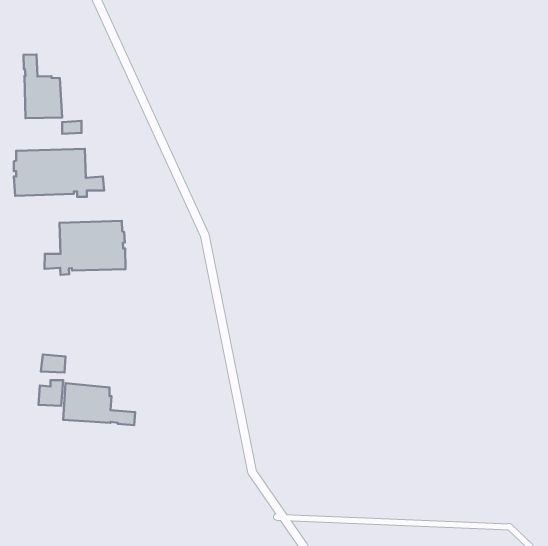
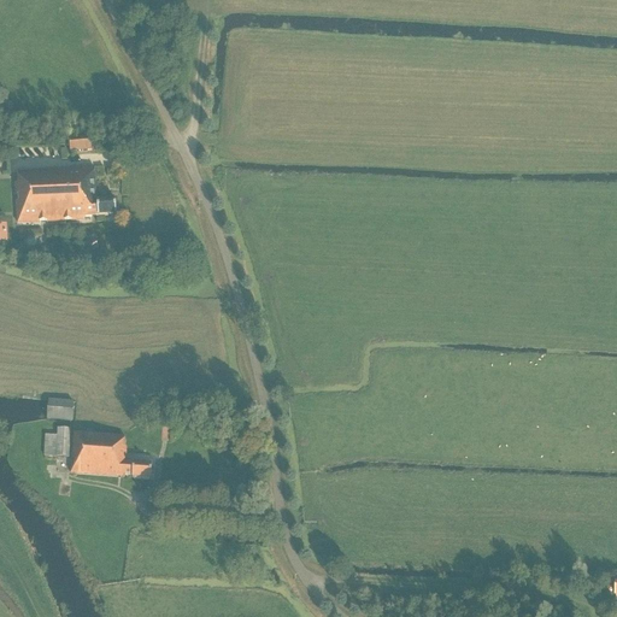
building: [24,54,62,118] -> none
building: [45,221,125,275] -> none

